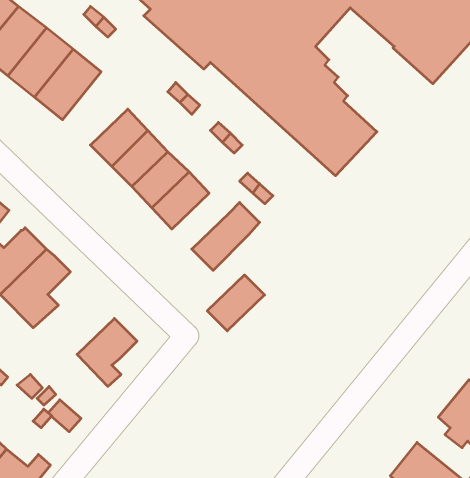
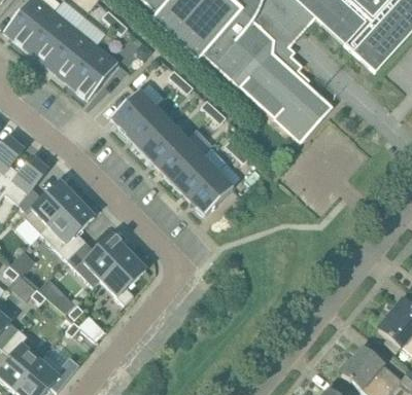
building: [207,275,265,331] -> [173,154,217,198]
building: none -> [66,234,129,286]

